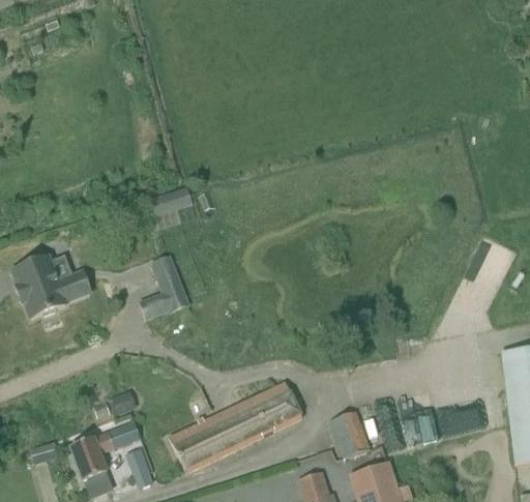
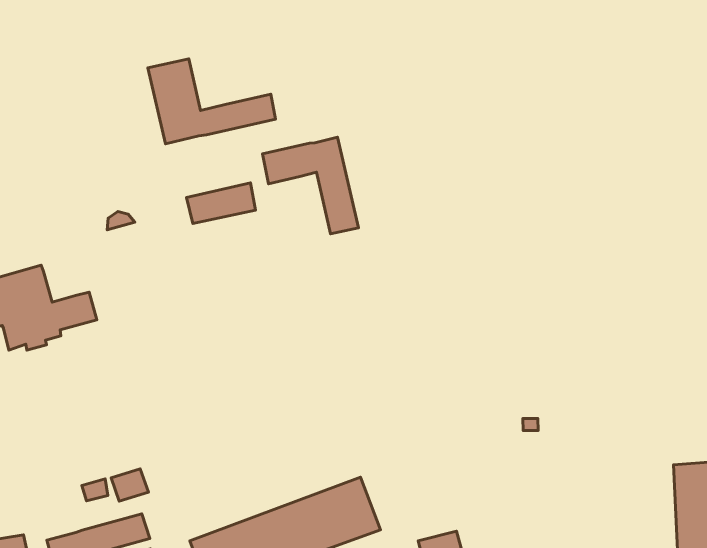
building: none -> [148,59,275,144]
building: none -> [262,137,358,234]
building: [139,255,190,320] -> none

